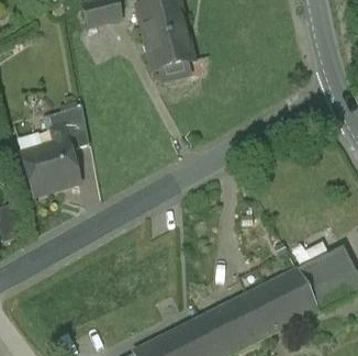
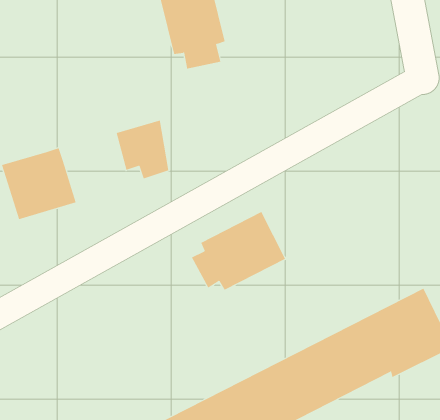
building: [48,102,89,147] -> [116,120,169,179]
building: none -> [191,211,286,290]

